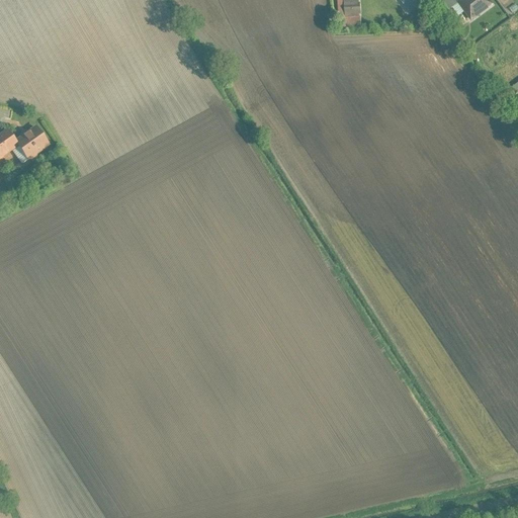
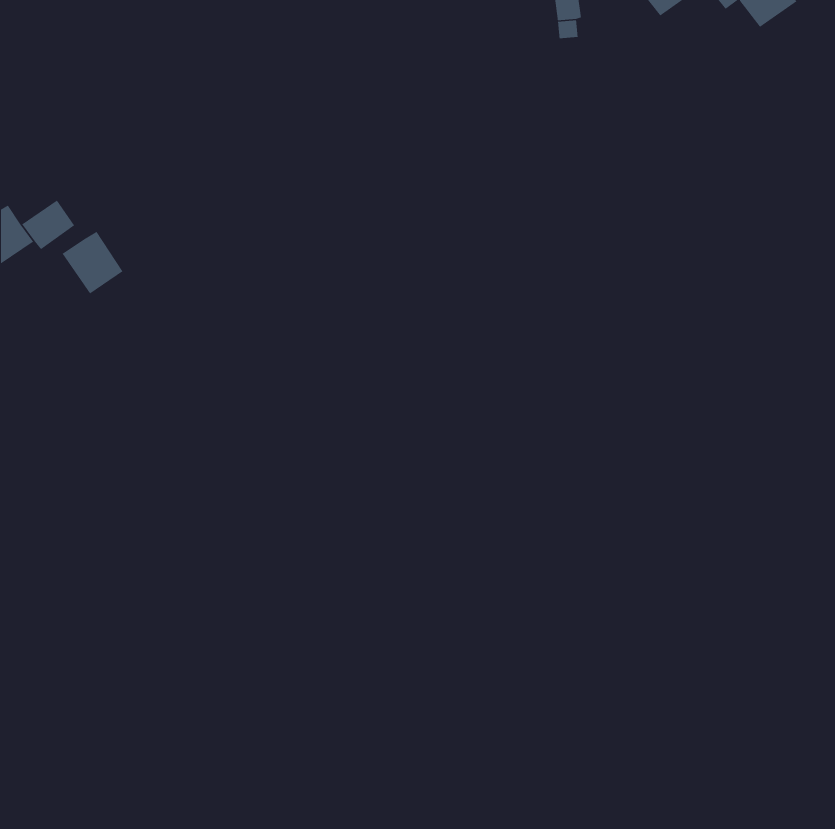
building: none -> [61,231,124,295]

